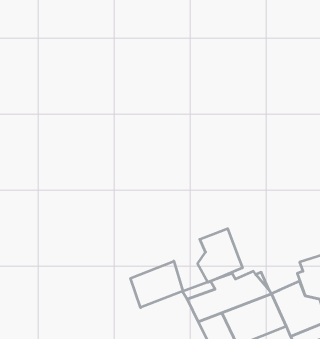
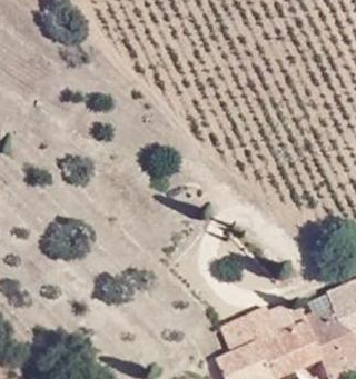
building: [198,229,242,282] -> none
building: [131,261,183,308] -> none

